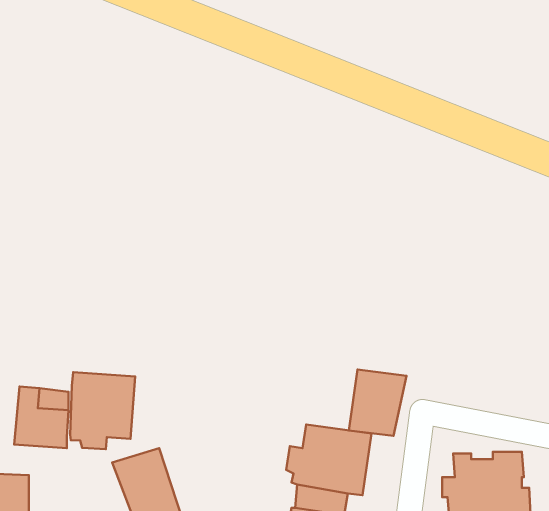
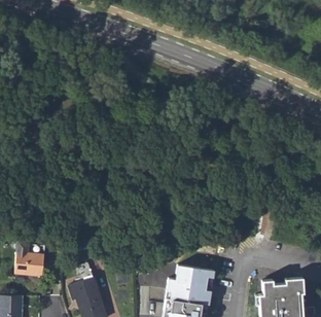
building: [349,369,406,436] -> none
building: [70,372,135,449] -> none

